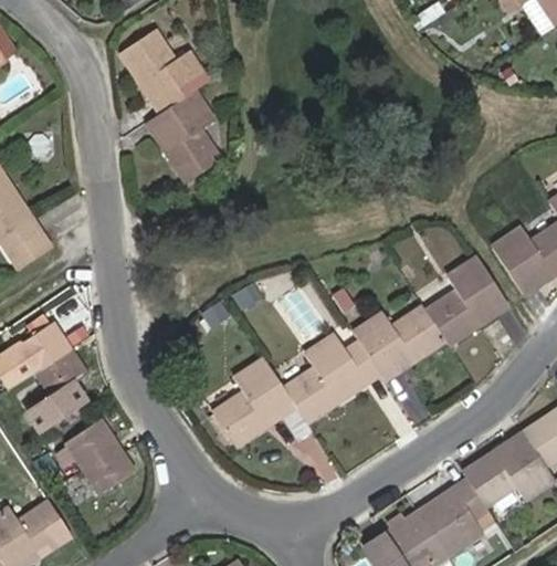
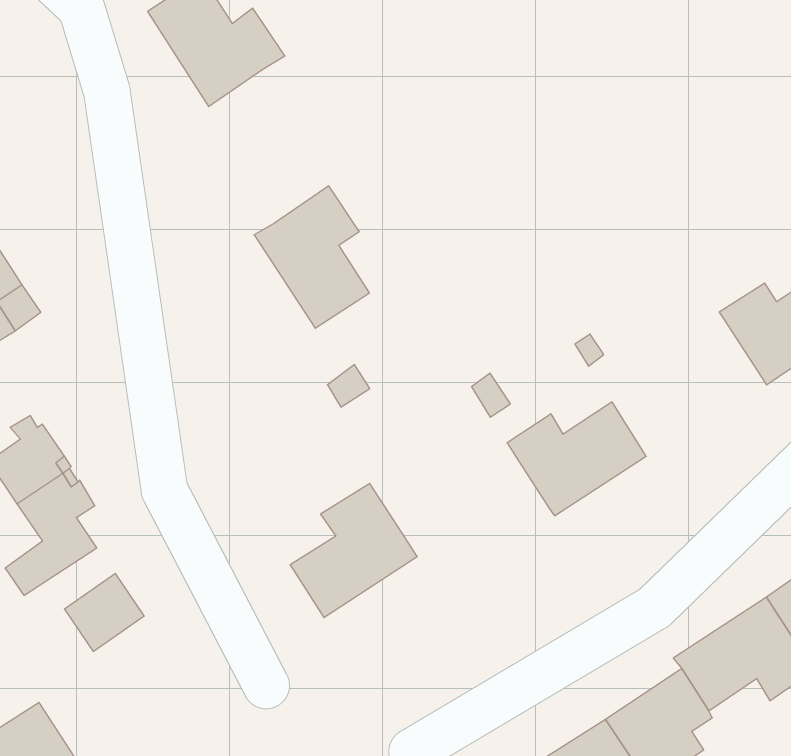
building: [146,88,221,181] -> [254,186,369,328]
building: [425,258,507,344] -> none
building: [283,334,381,423] -> none
building: [84,444,134,492] -> none

